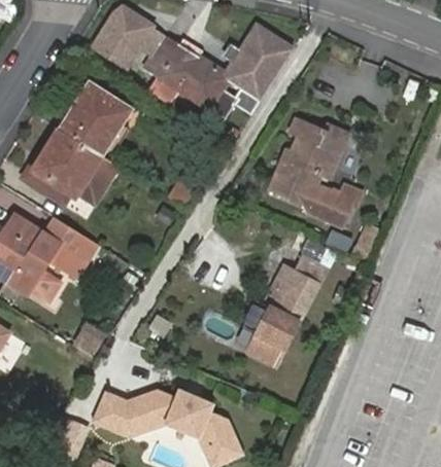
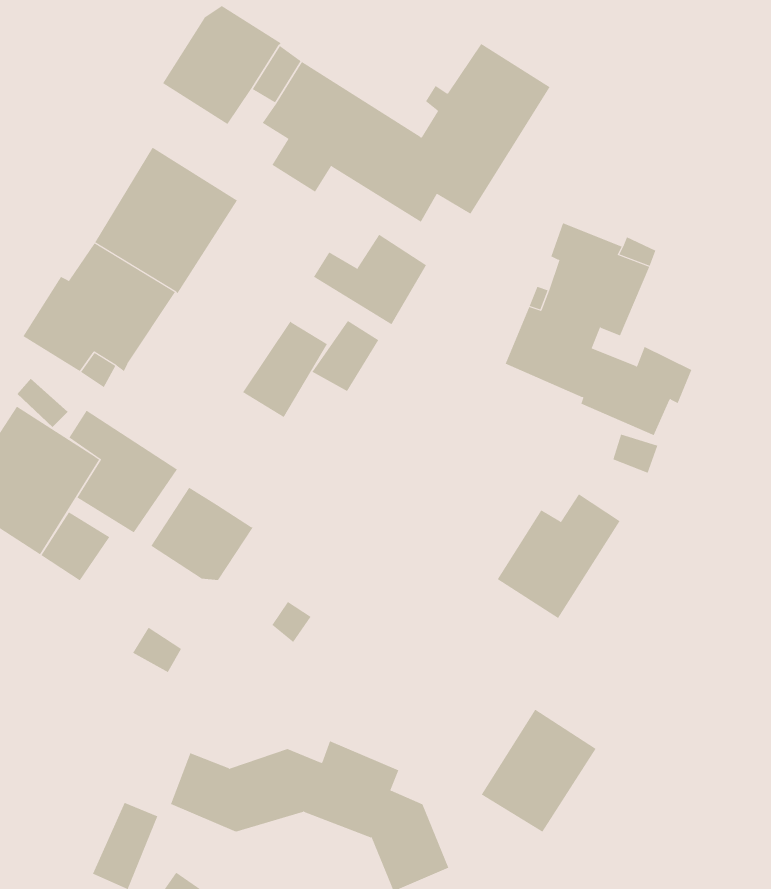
building: none -> [313,234,427,325]
building: [73,155,117,206] -> [242,320,328,418]
building: none -> [150,487,254,581]
building: [236,303,296,367] -> [481,709,596,832]

